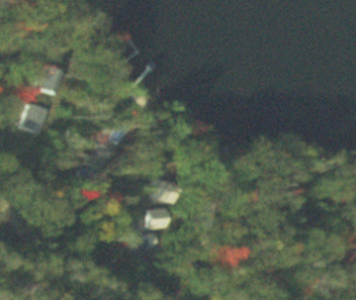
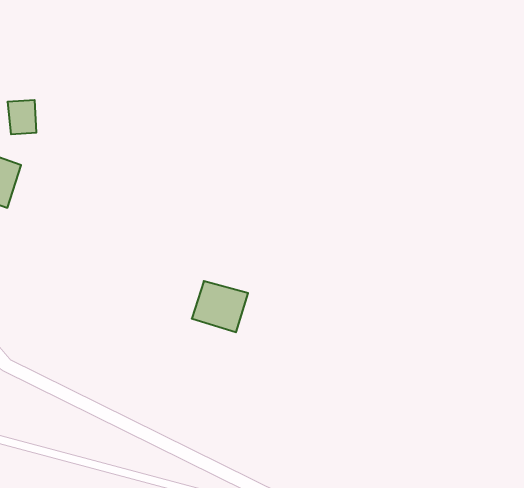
building: [145,208,168,229] -> none

